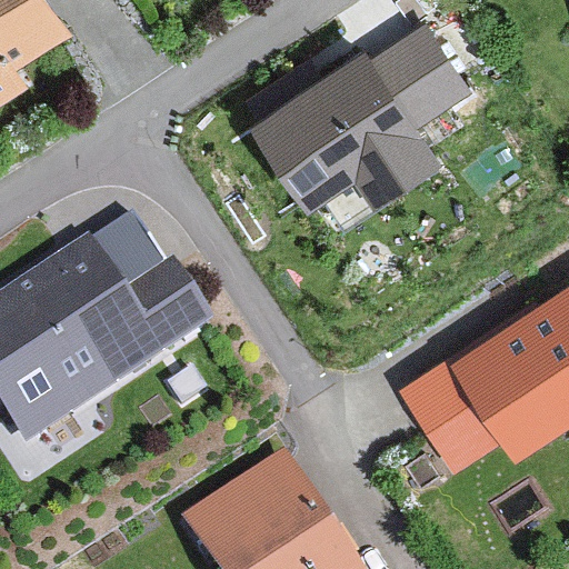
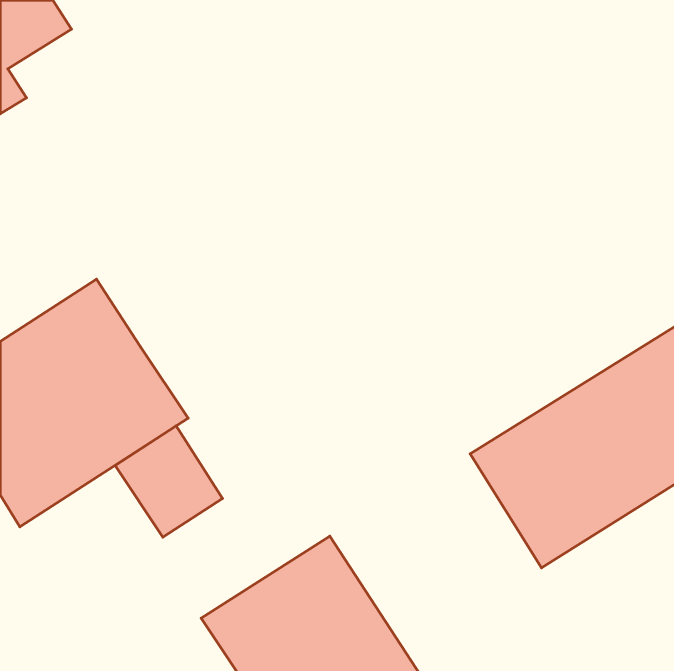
building: [251,21,475,210] -> none
building: [120,262,210,356] -> [115,426,223,537]

